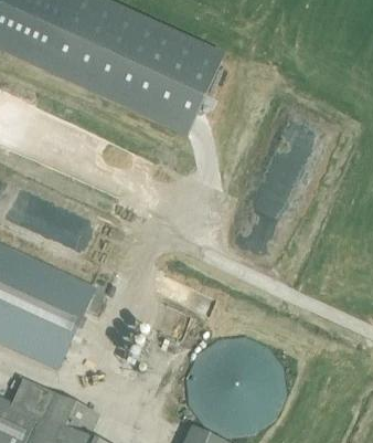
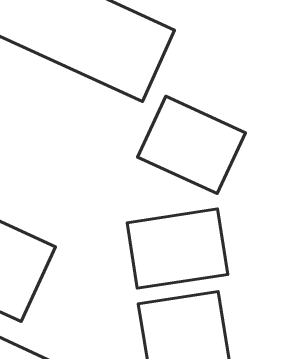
building: none -> [137,96,245,194]
building: none -> [127,209,228,288]

